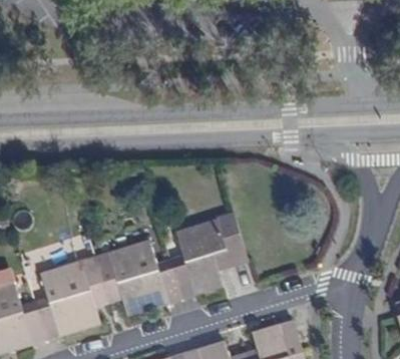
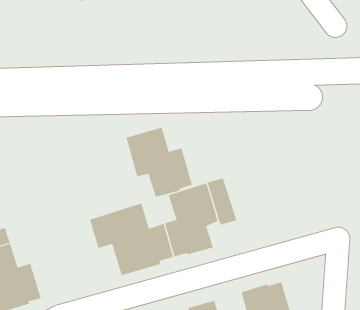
building: none -> [126,127,193,198]
building: [35,258,104,339] -> none

